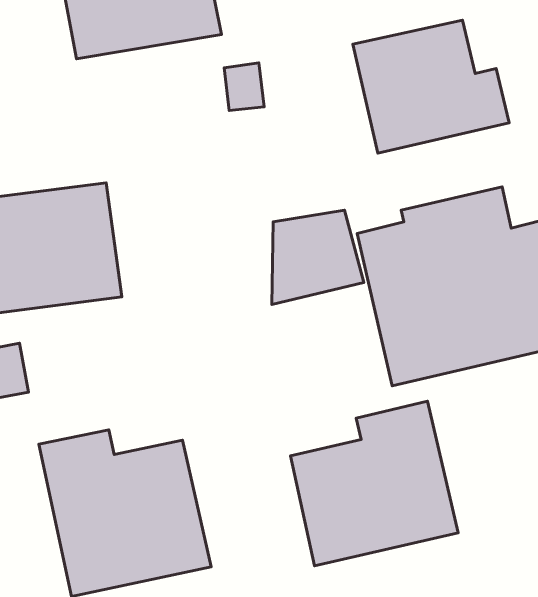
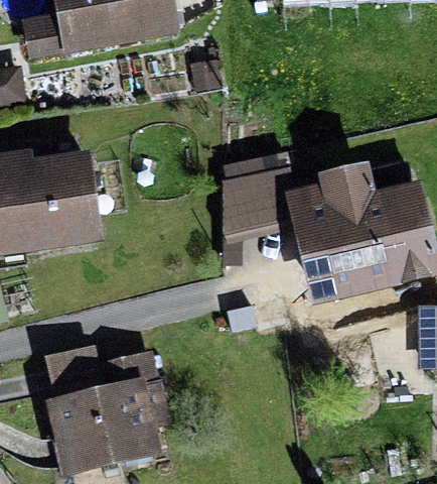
building: [353,20,509,153] -> none
building: [291,401,458,566] -> none

